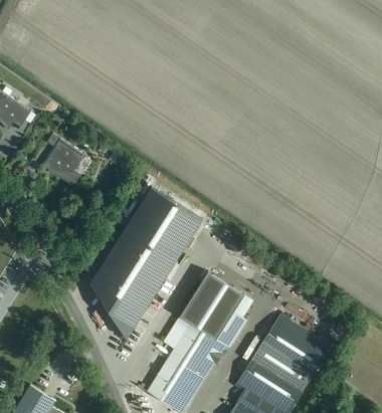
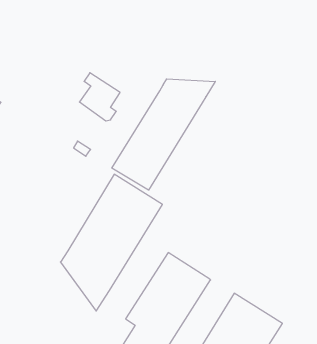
building: none -> [112,79,215,190]
building: [41,134,84,185] -> [79,73,120,121]

